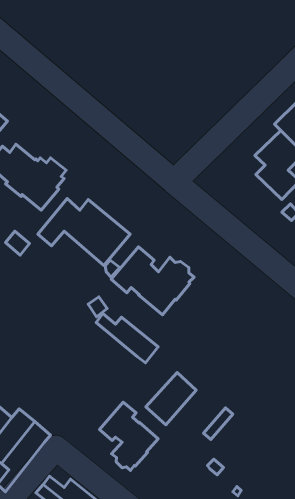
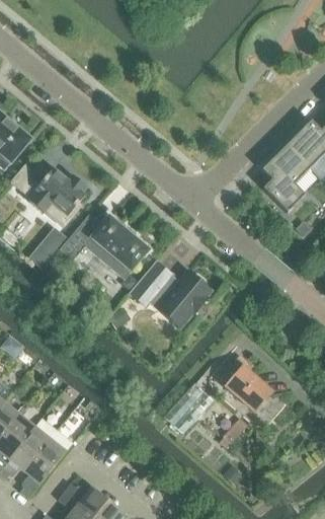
building: [96,314,158,363] -> none
building: none -> [223,358,270,412]
building: [99,402,158,471] -> none

